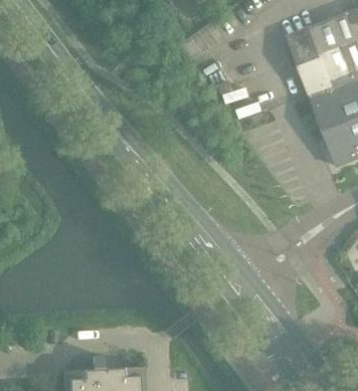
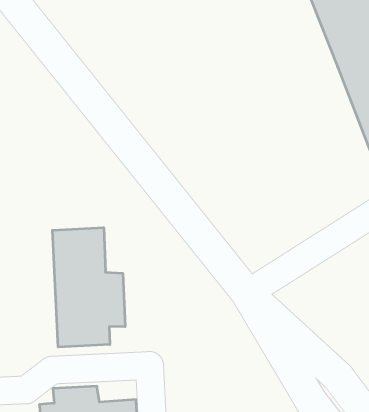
building: none -> [52,228,125,347]

